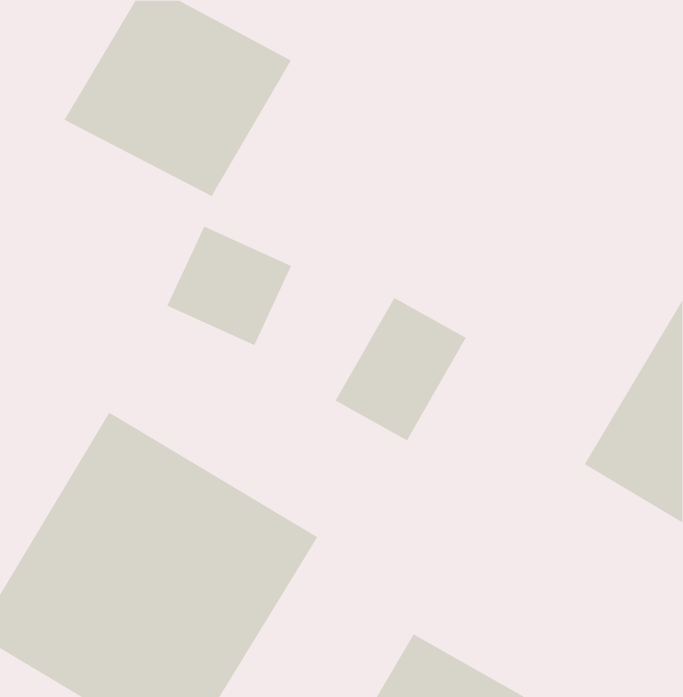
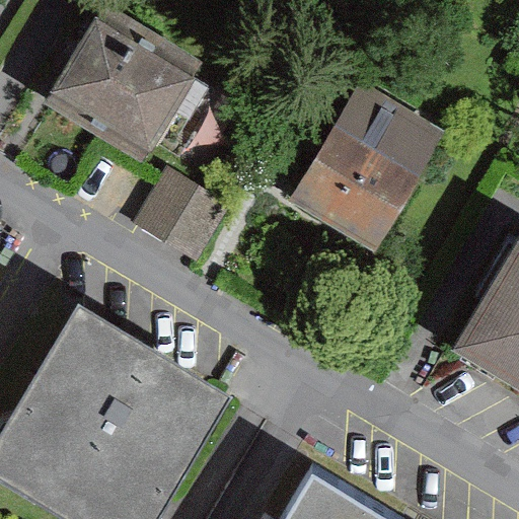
building: none -> [298,80,448,240]
building: [335,297,467,441] -> none

